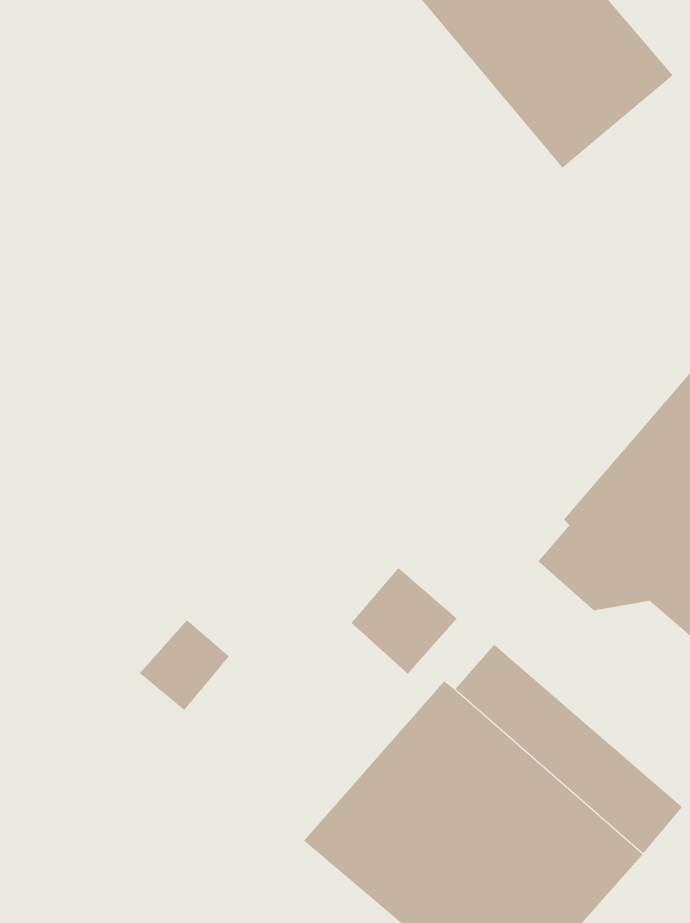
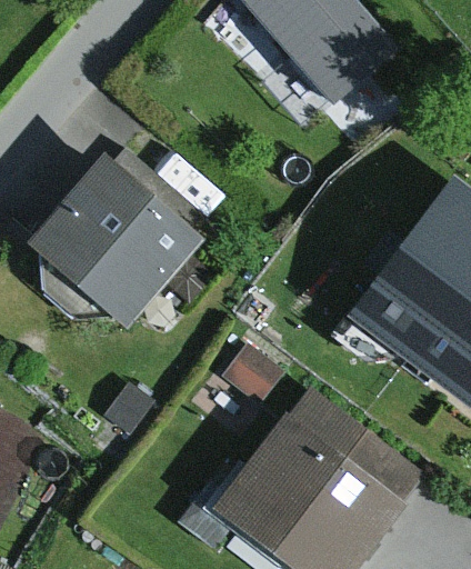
building: none -> [23,153,201,328]

